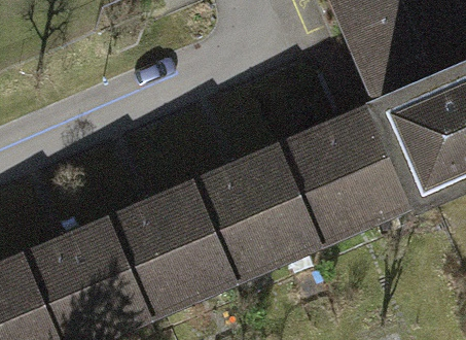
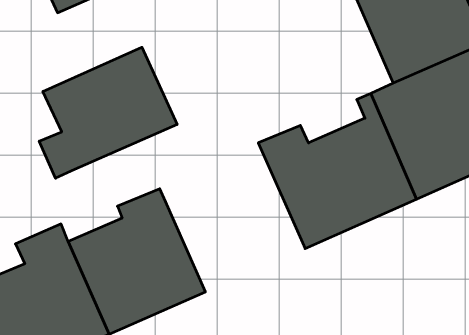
building: none -> [39,47,177,178]
building: [188,149,311,280] -> none

